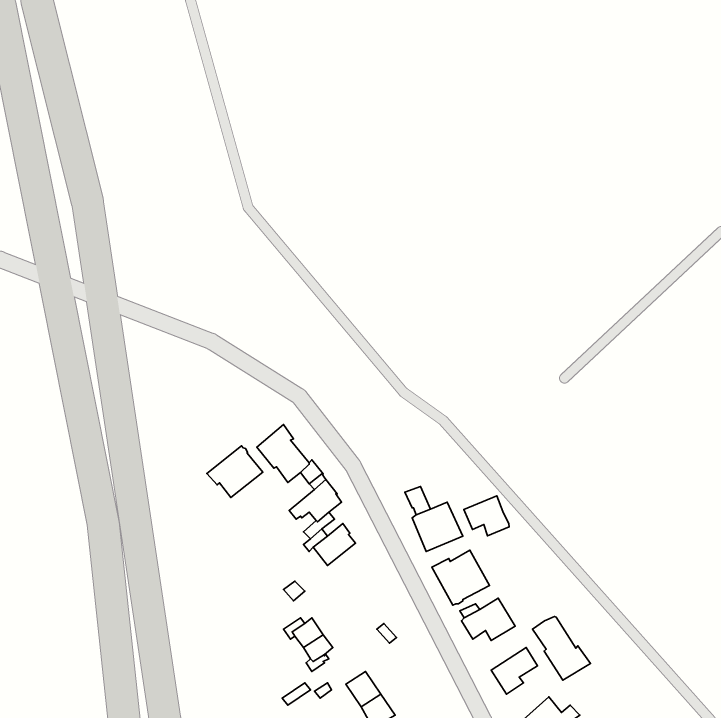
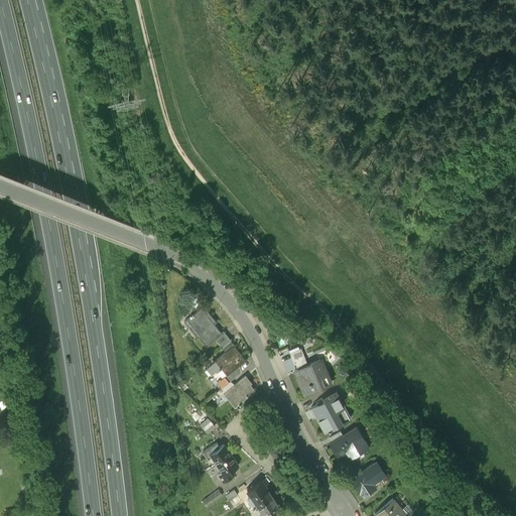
building: [207,446,263,497] -> none
building: [464,496,509,536] -> none
building: [532,616,590,680] -> none

